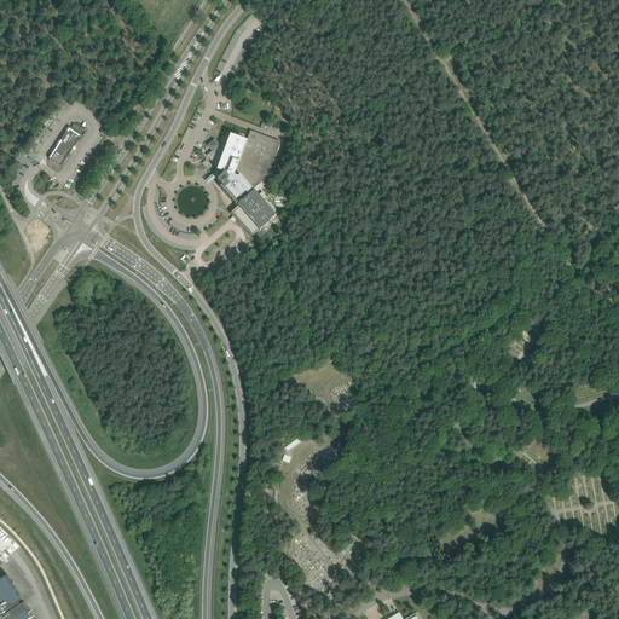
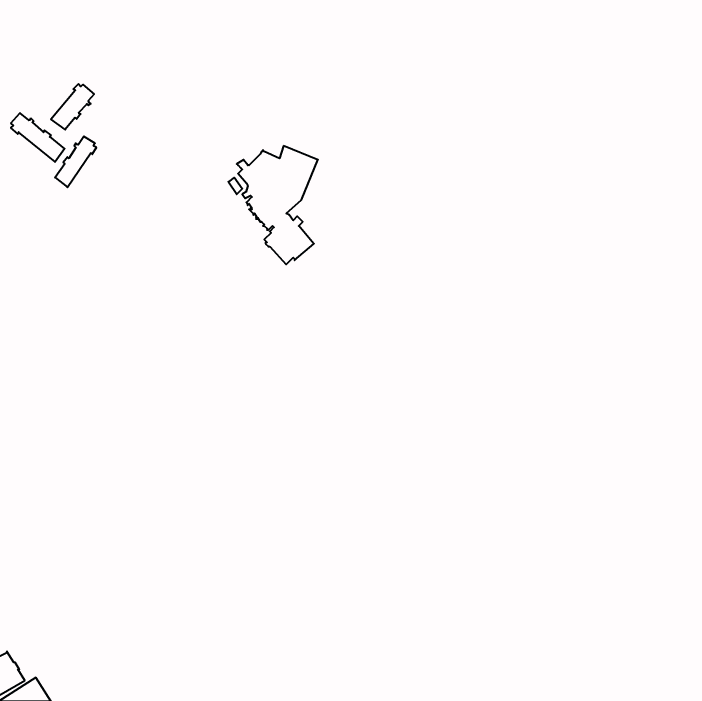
building: none -> [51,84,94,130]
building: none -> [11,113,65,162]

